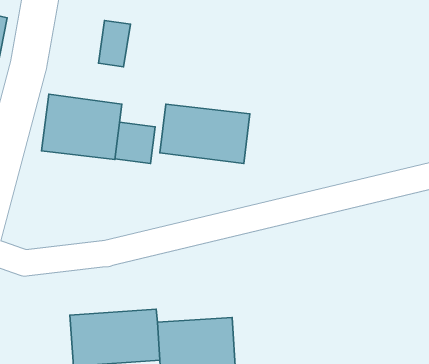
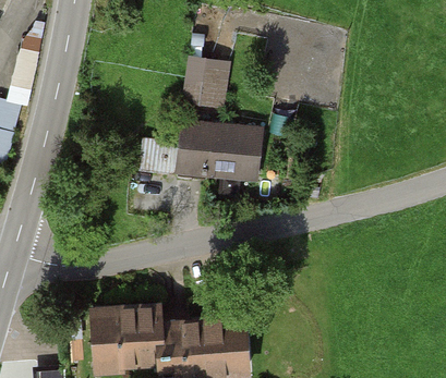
building: [99,20,131,67] -> [196,63,226,106]
building: [42,94,122,160] -> none

